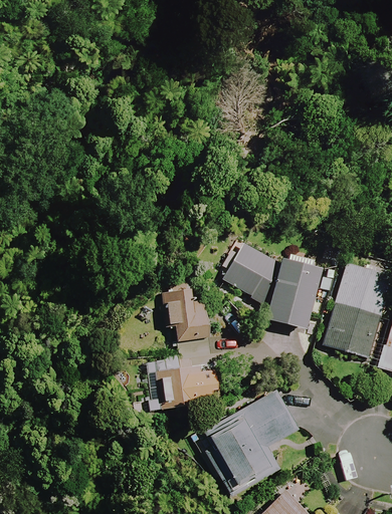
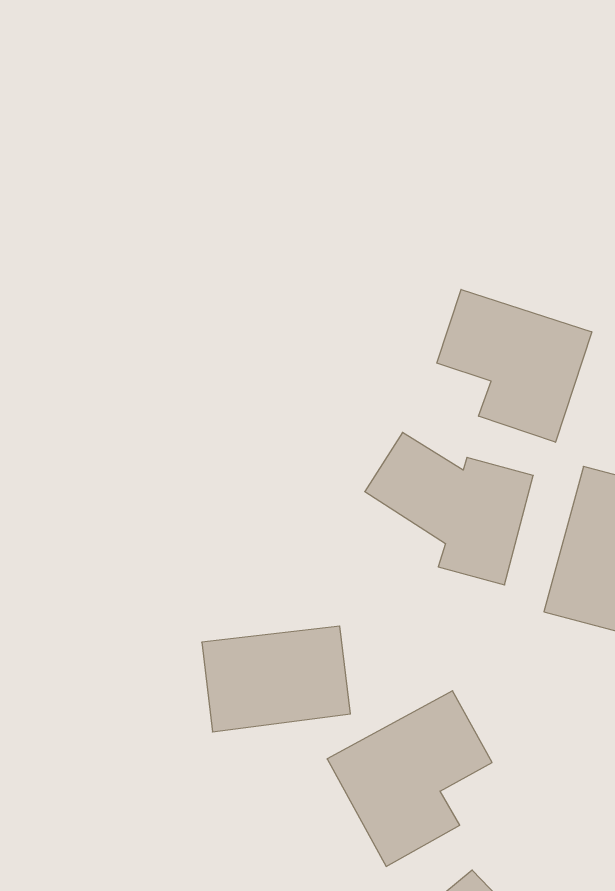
building: none -> [437,289,592,442]
building: [162,279,212,342] -> none

